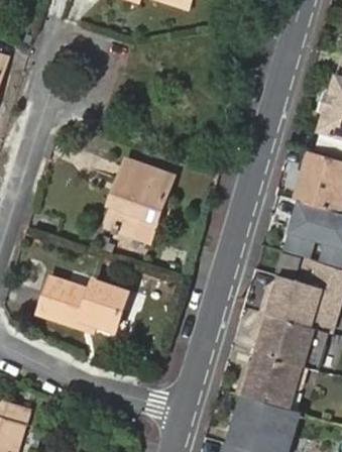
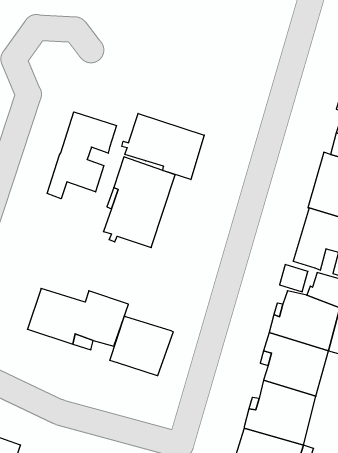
building: none -> [47,112,116,199]
building: none -> [122,113,204,180]
building: none -> [110,316,173,376]

